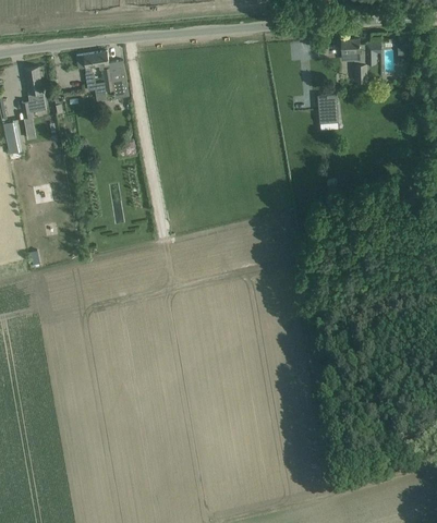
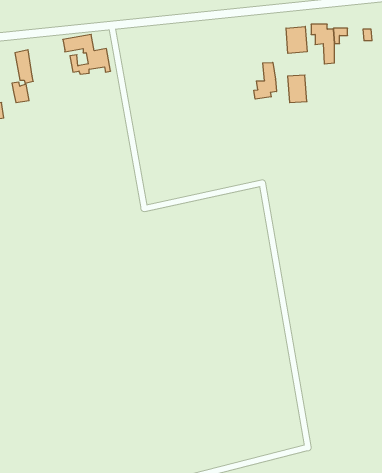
building: none -> [286,26,307,53]
building: none -> [254,62,276,99]

